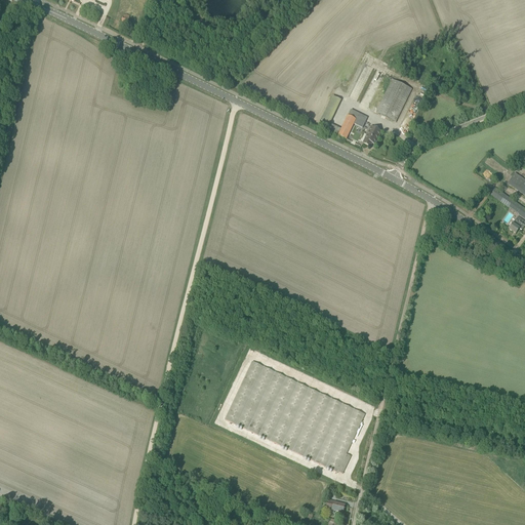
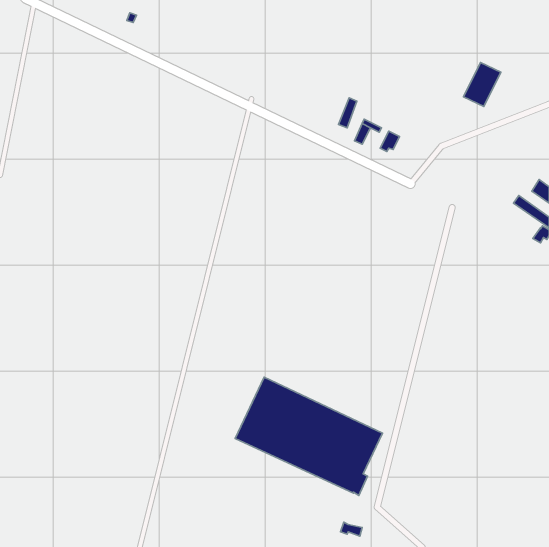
building: [376,78,412,120] -> [463,62,501,106]

